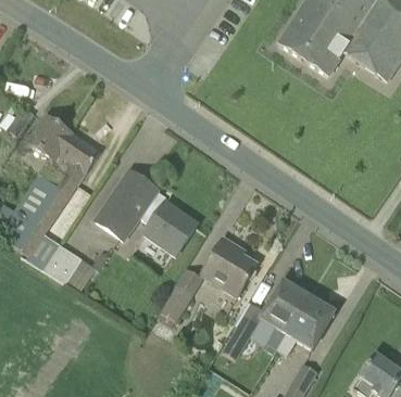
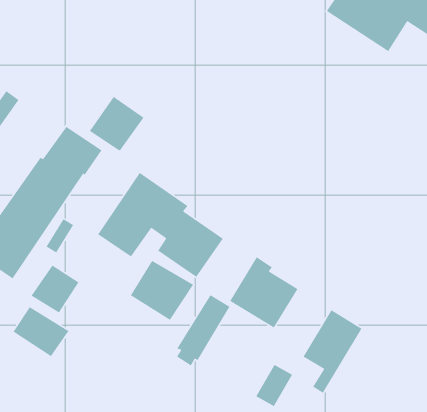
building: [28,115,73,159] -> [89,96,145,152]
building: none -> [130,260,194,321]
building: none -> [13,306,69,357]
building: [277,295,336,354] -> none

